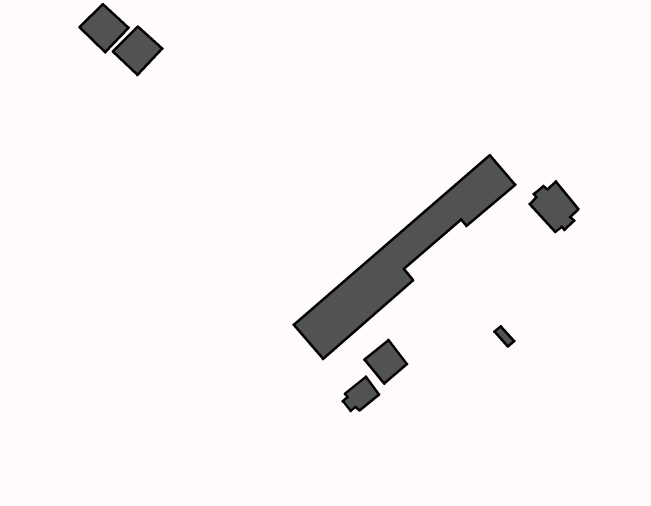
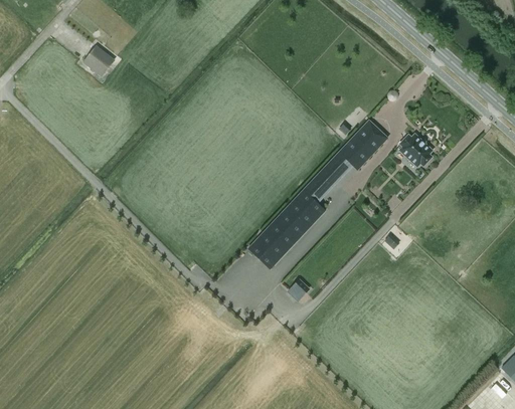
building: [113,27,162,75] -> none
building: [364,340,407,384] -> none

